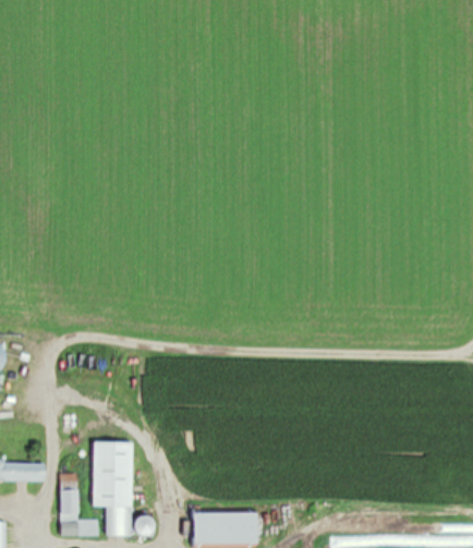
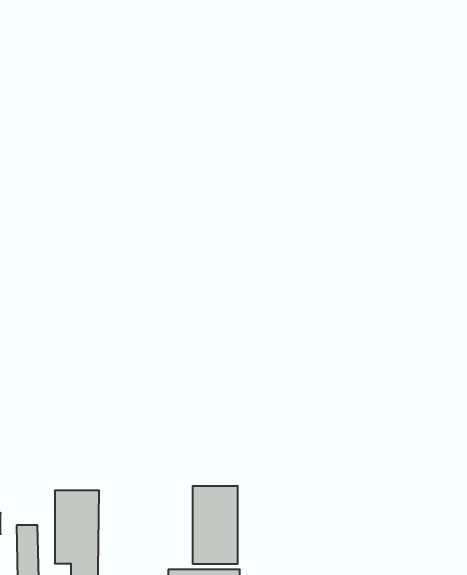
building: none -> [193,486,237,564]

